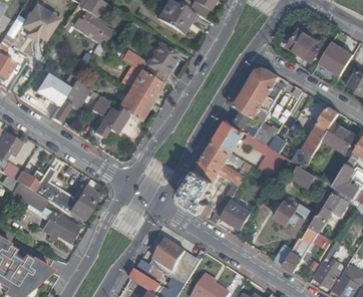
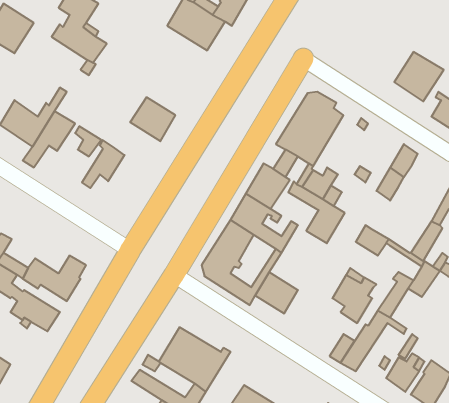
building: [289,27,324,60] -> none
building: [117,44,176,84] -> none
building: [117,89,150,121] -> none
building: [324,120,356,151] -> none
building: [292,139,318,168] -> none

